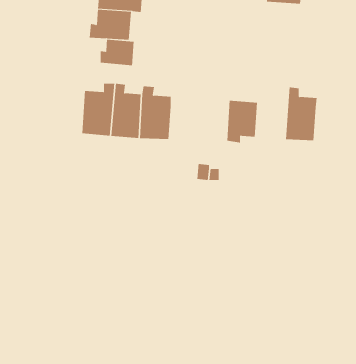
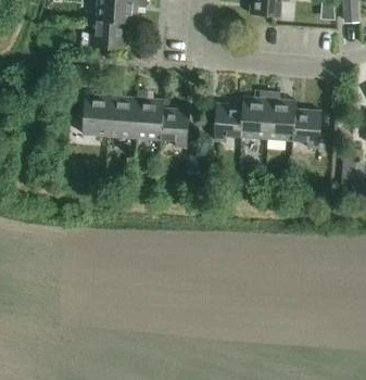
building: [100,39,134,66] -> none
building: none -> [240,90,270,139]
building: none -> [162,109,190,148]
building: none -> [293,110,321,149]

